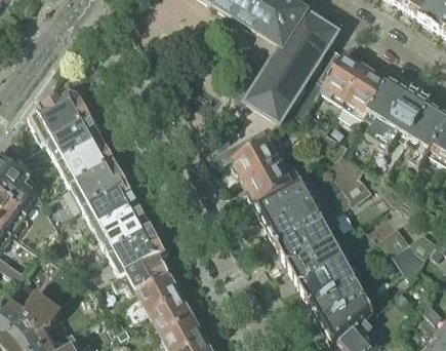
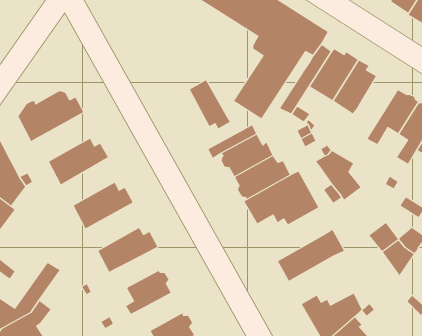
building: [365,78,407,141] -> none
building: none -> [189,80,230,129]
building: [46,114,103,163] -> none
building: [71,159,127,207] -> none
building: [95,204,152,252] -> none
building: [267,209,335,263] -> none
building: [111,254,171,294] -> none
building: [298,258,370,307] -> none
building: [149,295,195,333] -> none

